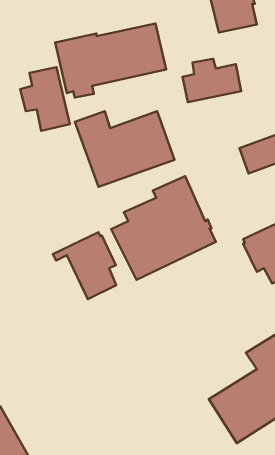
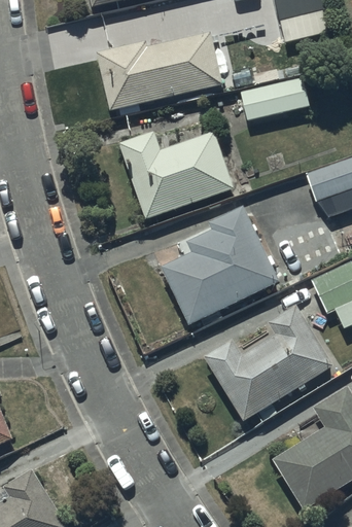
building: [20,67,70,131] -> none
building: [53,232,116,299] -> none
building: none -> [205,307,333,422]

